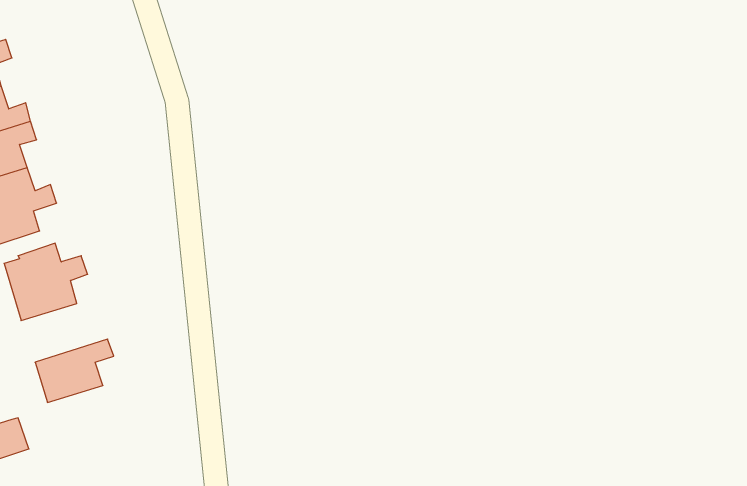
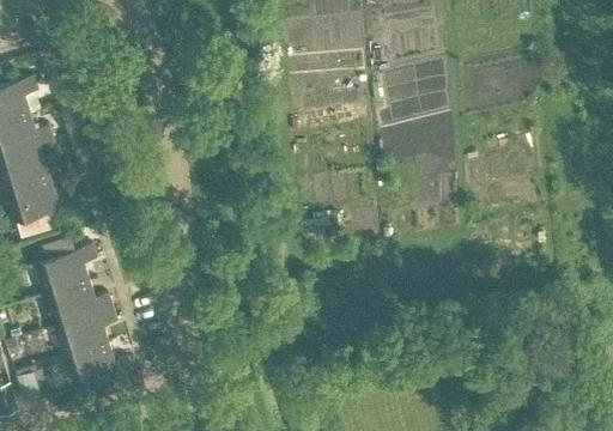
building: none -> [44,280,111,326]
building: none -> [65,344,132,389]

